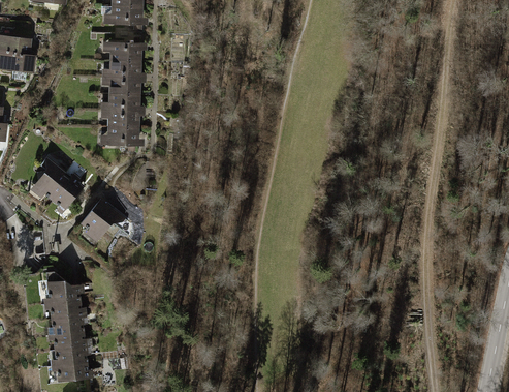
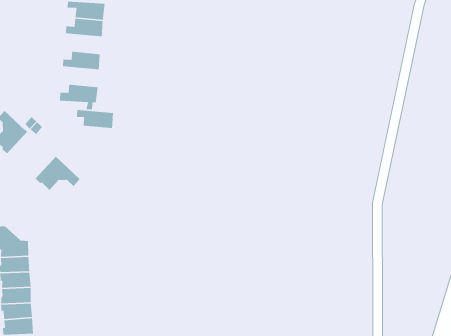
building: [102,77,140,94] -> none
building: [102,110,139,127] -> [76,109,114,129]
building: [53,176,85,209] -> none

